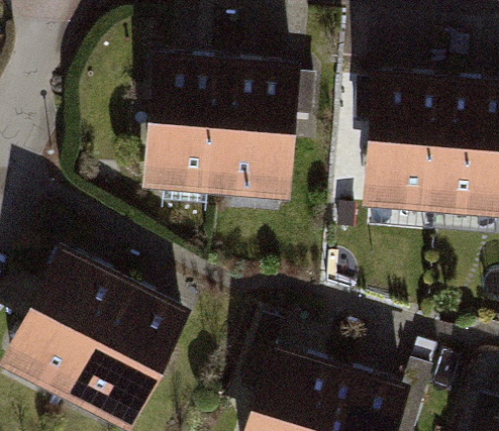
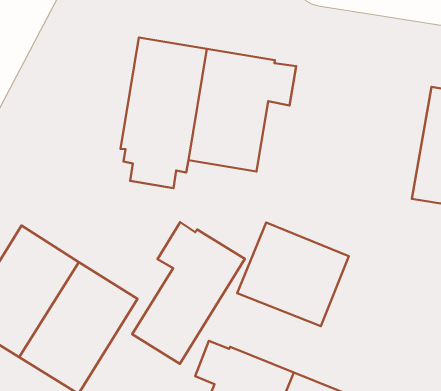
building: [354,81,444,196] -> none
building: none -> [237,222,349,326]
building: none -> [132,222,245,364]

